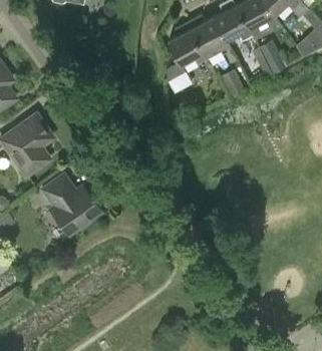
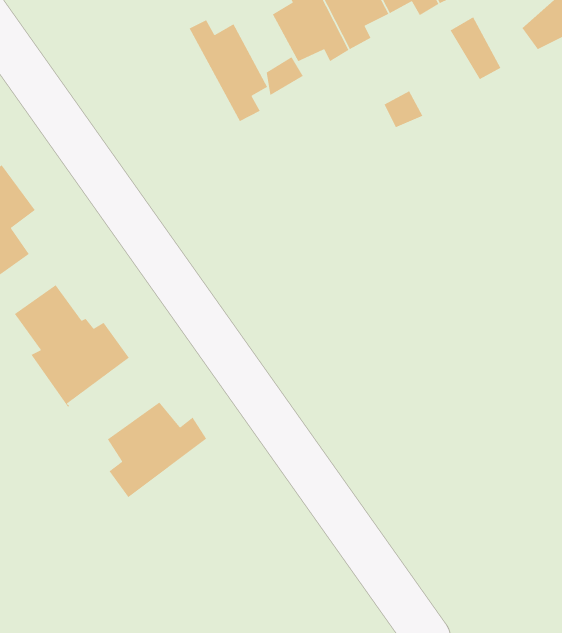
building: none -> [188,19,268,122]
building: none -> [107,401,207,498]

